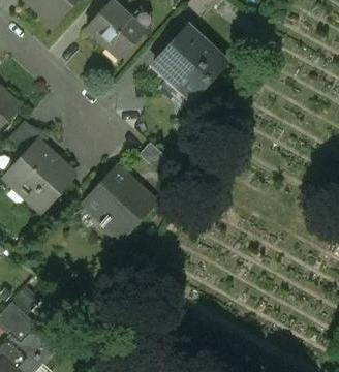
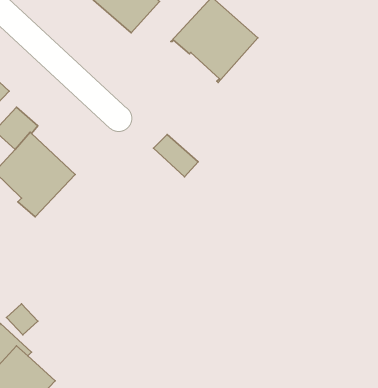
building: [83,166,154,238] -> none

